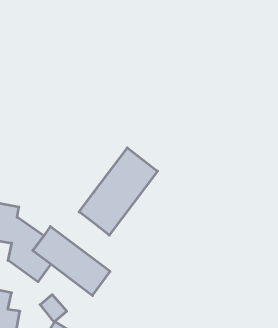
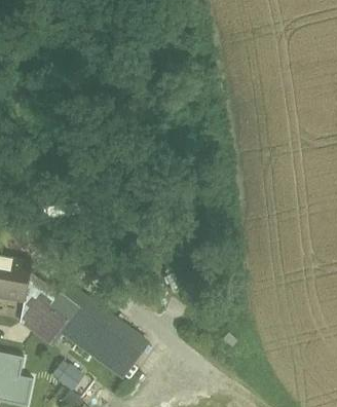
building: [79,148,158,235] -> none
building: none -> [111,334,148,374]

